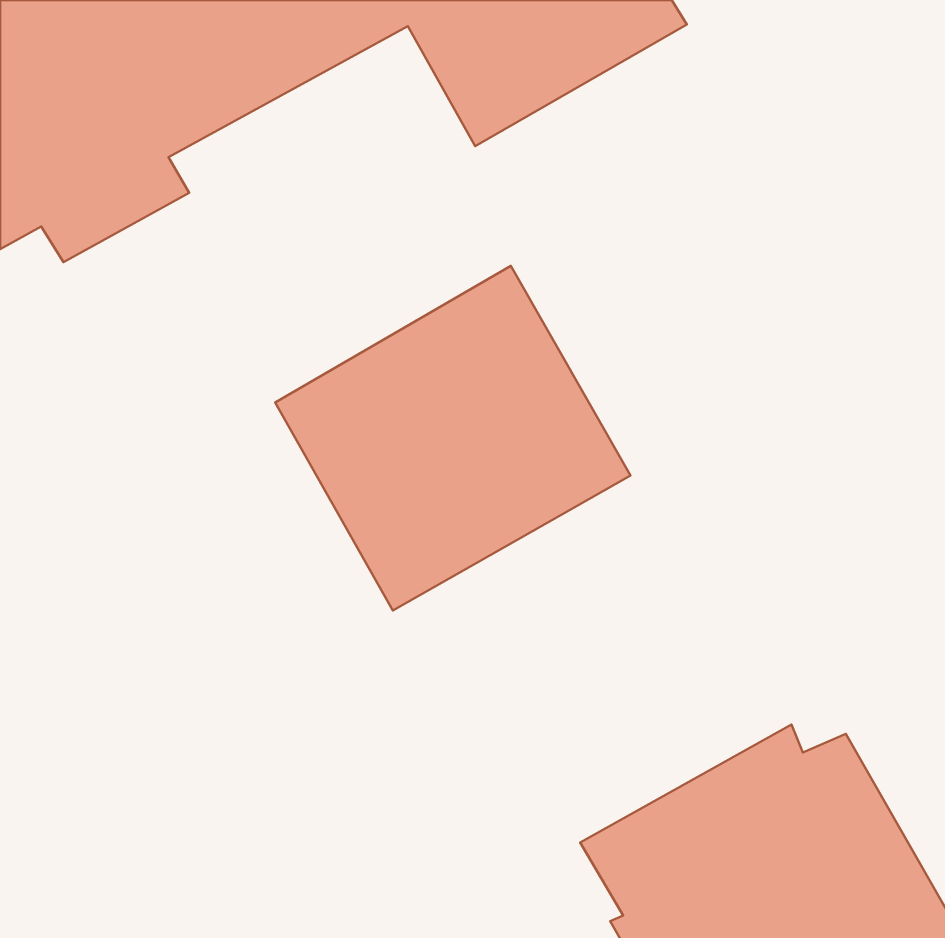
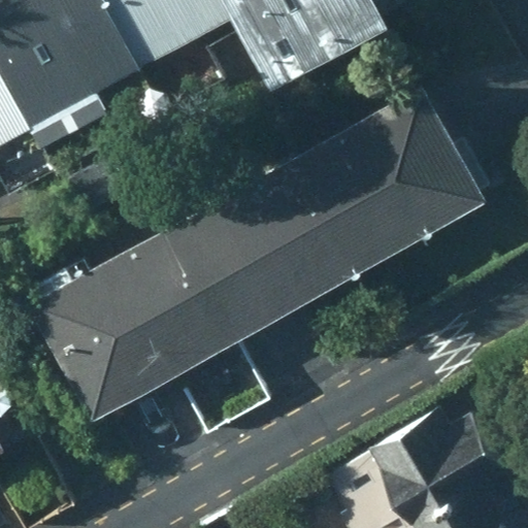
building: none -> [288,82,485,272]
building: none -> [28,232,223,422]

